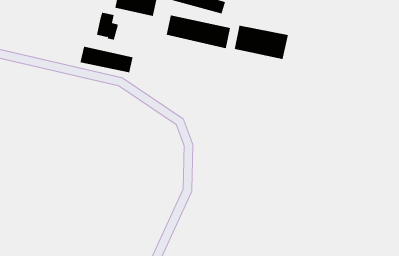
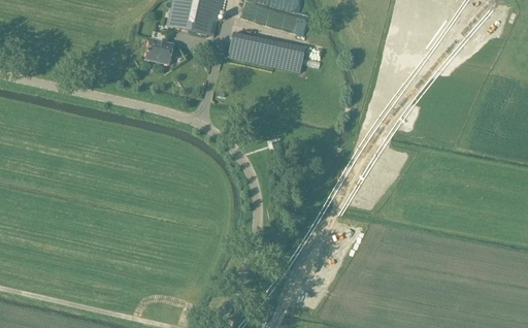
building: [234,25,288,60] -> none
building: [80,46,133,73] -> none

